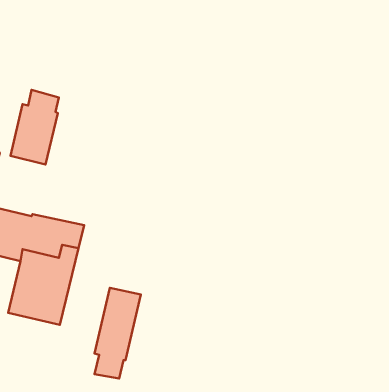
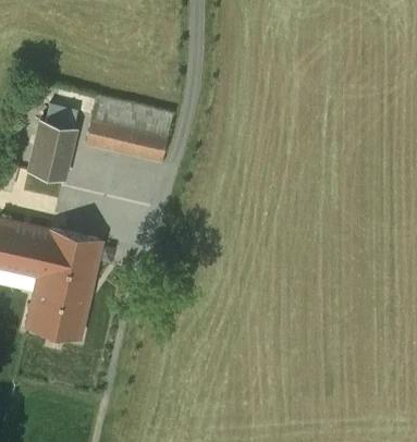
building: none -> [86,100,173,163]
building: [94,288,141,378] -> none

